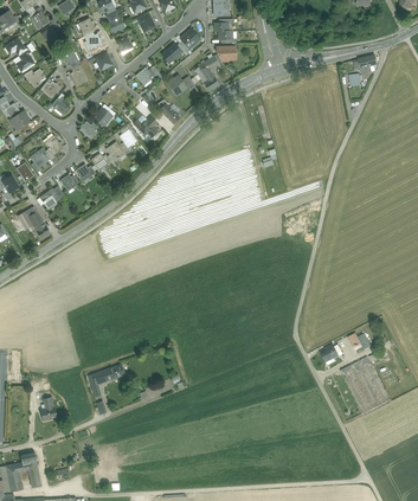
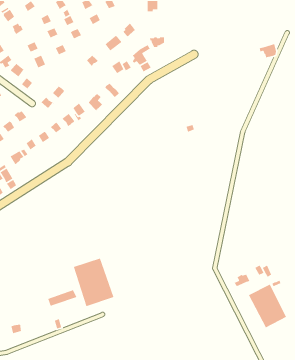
building: none -> [73,258,114,307]

